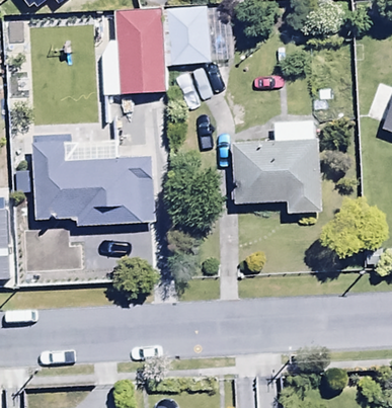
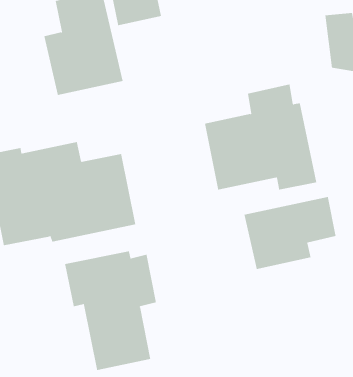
building: none -> [244,196,336,270]
building: none -> [64,251,156,371]

